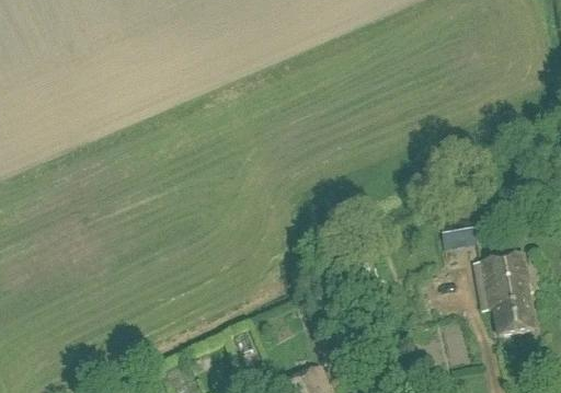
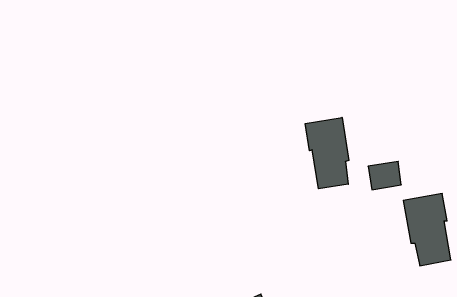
building: none -> [305,117,349,189]

